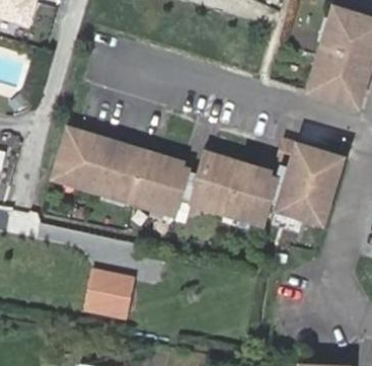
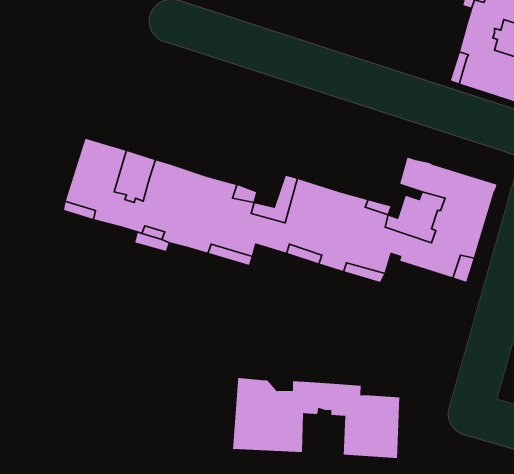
building: [84,270,132,316] -> none
building: none -> [232,377,400,459]

